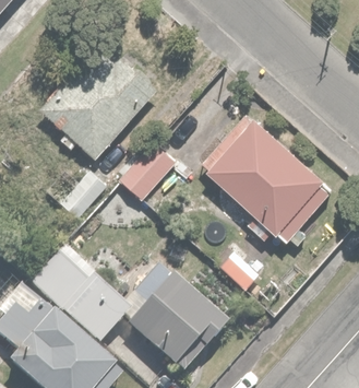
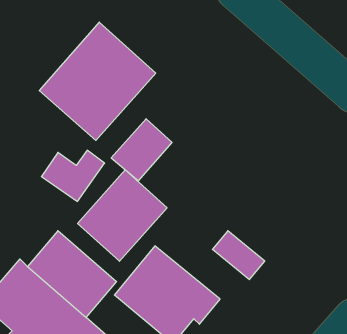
building: [200,110,333,242] -> none
building: none -> [78,170,167,261]

